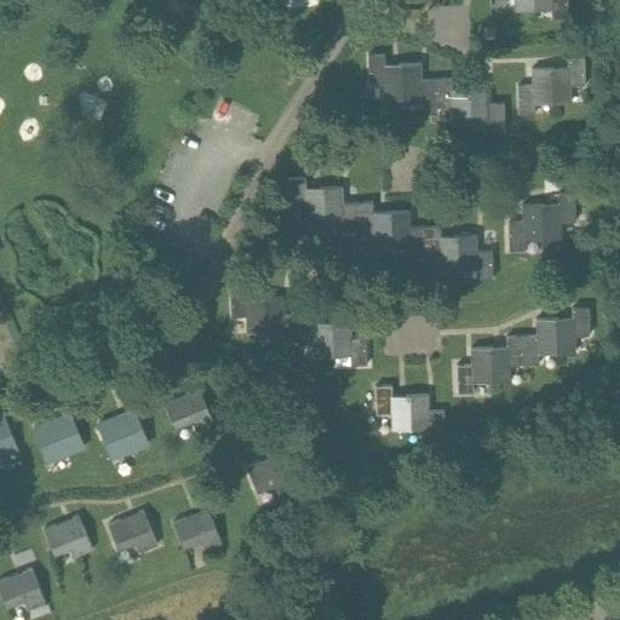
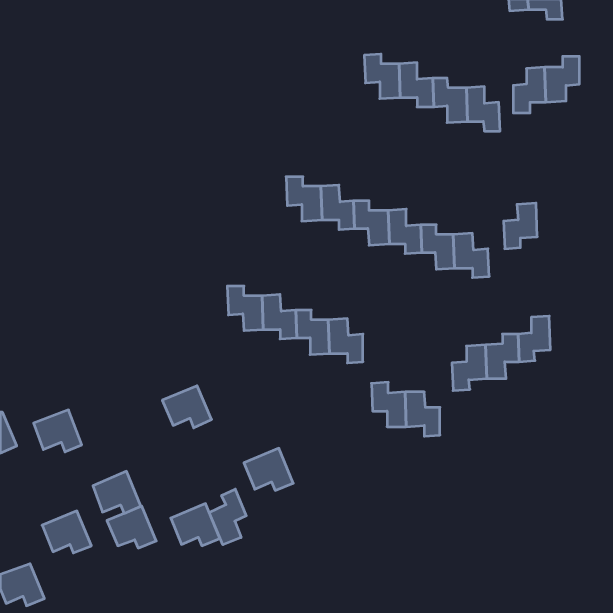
building: [541,194,576,239] -> none
building: [555,308,590,352] -> none
building: [99,409,148,452] -> [93,471,141,513]
building: none -> [209,489,246,545]

